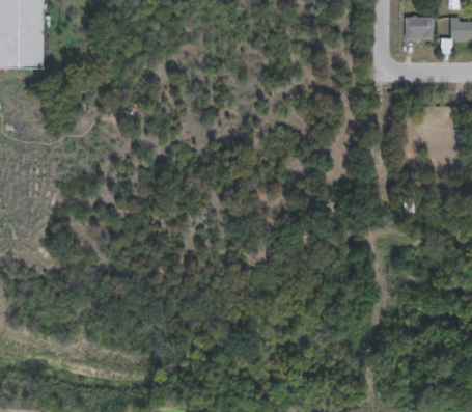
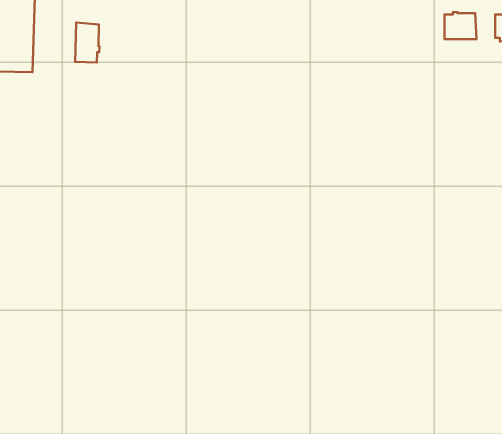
building: none -> [75,22,99,62]

